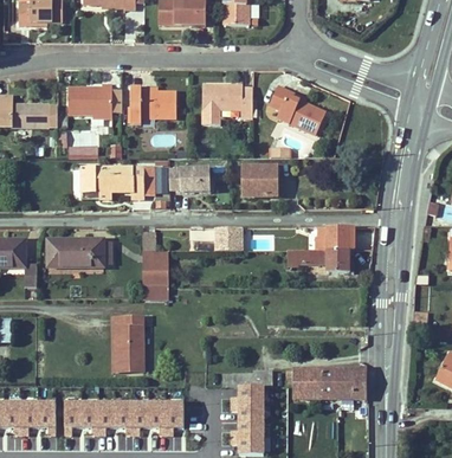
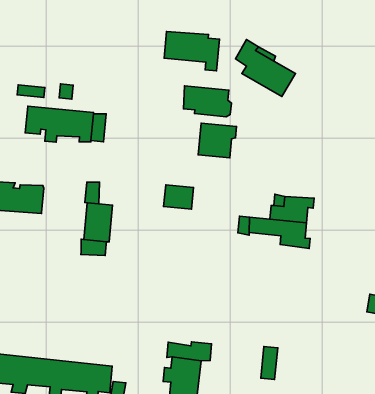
building: [67,84,111,114] -> none
building: [130,86,176,123] -> none
building: [168,168,213,193] -> [184,86,231,117]
building: [112,315,143,370] -> none
building: [292,368,321,399] -> none
building: [341,368,367,399] -> none

